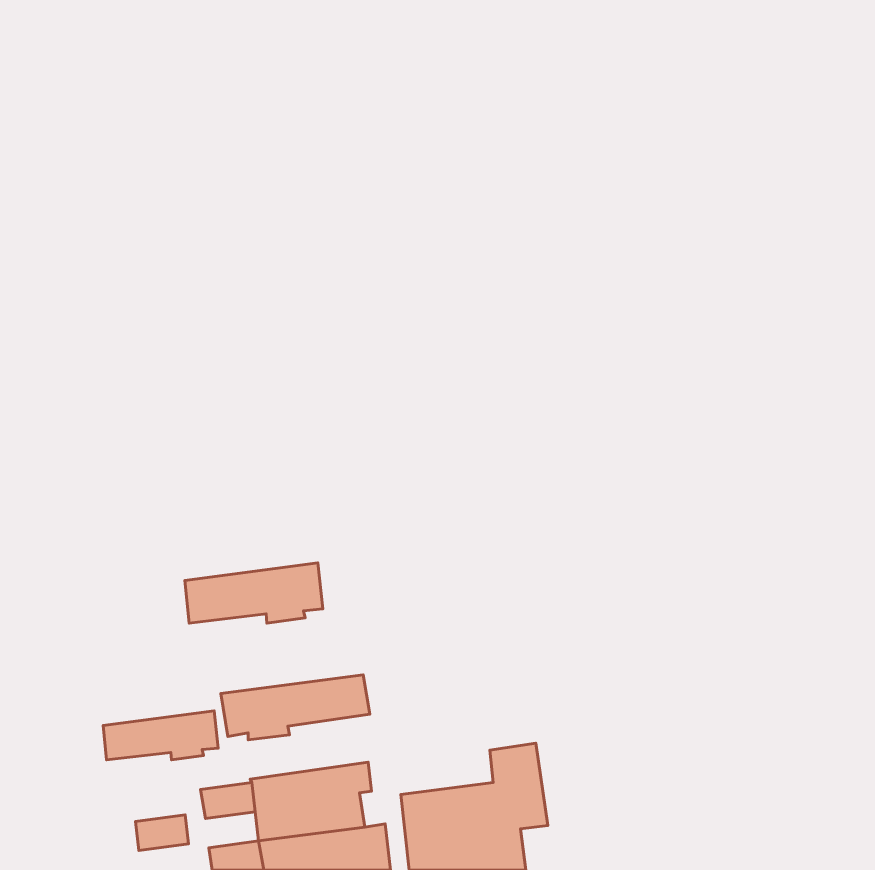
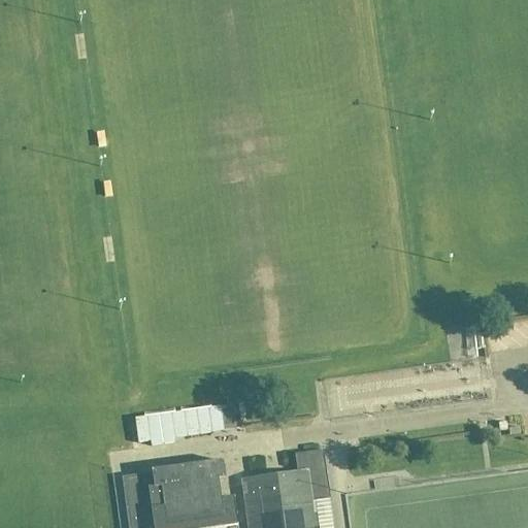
building: [185,563,323,623] -> none
building: [103,711,218,760] -> none
building: [136,815,189,851] -> [124,489,156,510]

